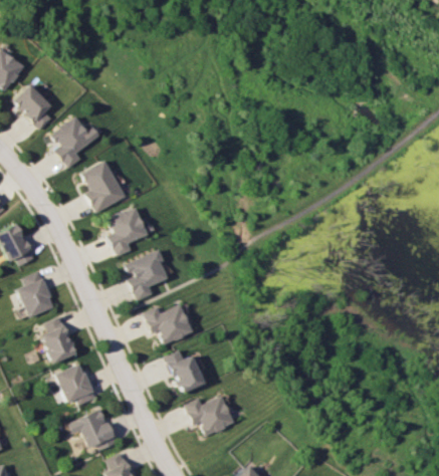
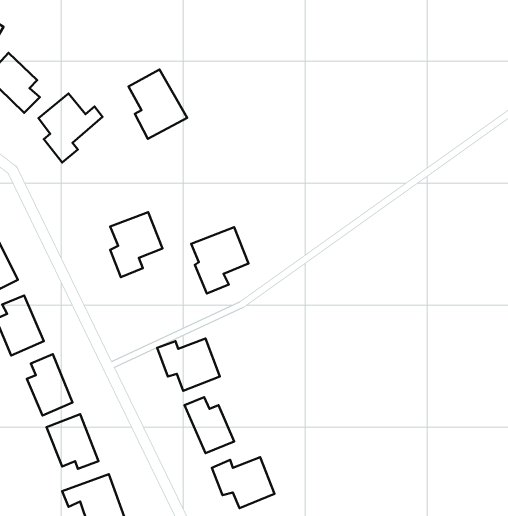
building: [80,160,126,213] -> [128,70,187,139]
building: [124,250,168,301] -> [191,227,248,294]

